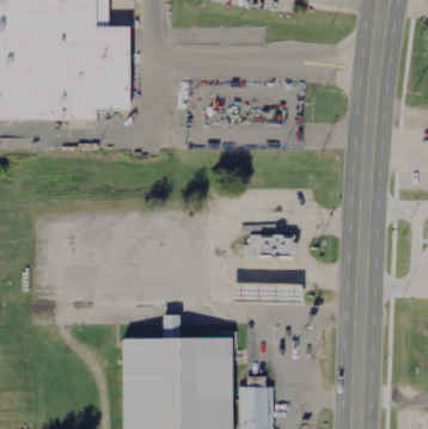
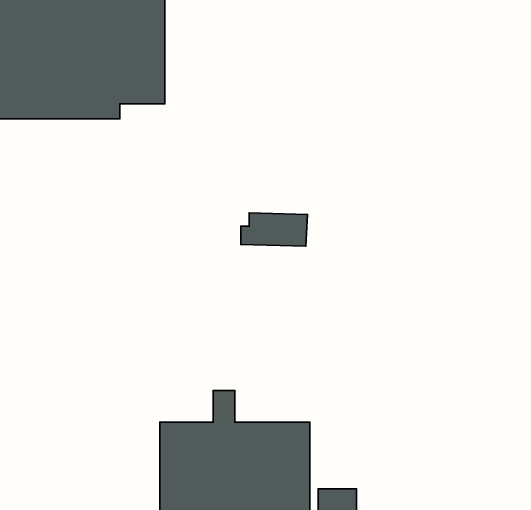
building: [245,233,293,257] -> [241,213,307,246]

